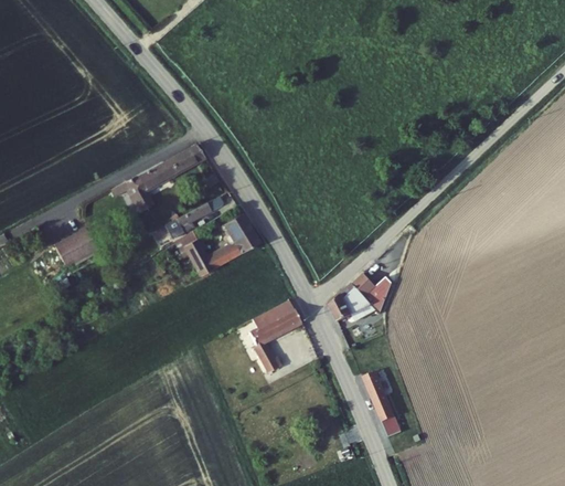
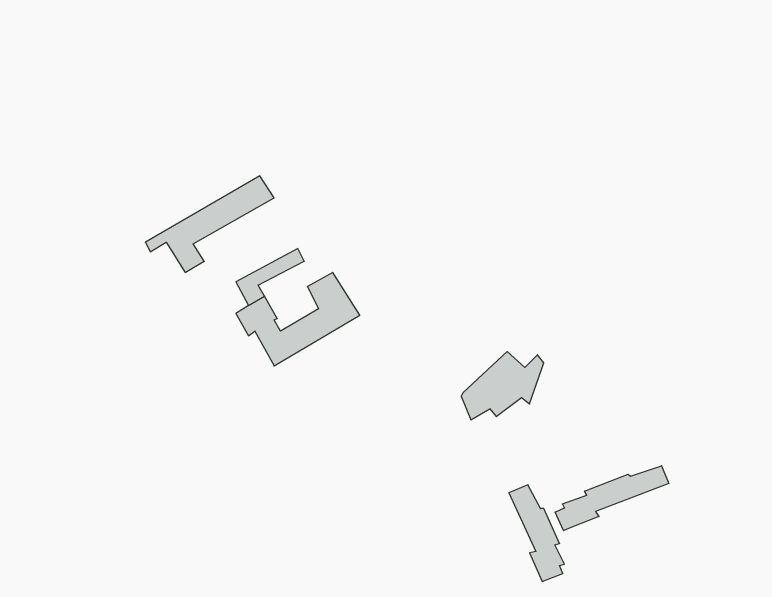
building: [54,236,95,271] -> none
building: [247,298,300,376] -> none
building: none -> [555,466,669,531]

